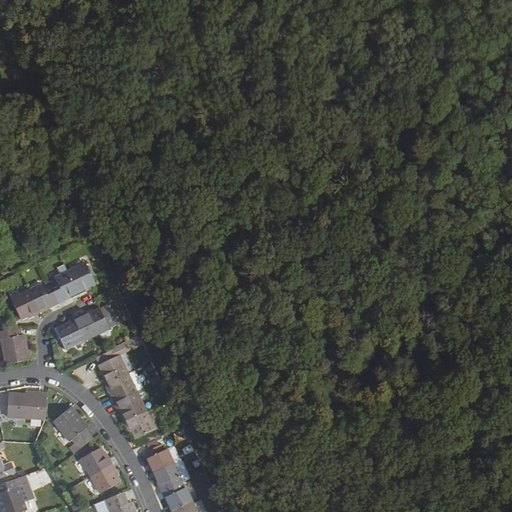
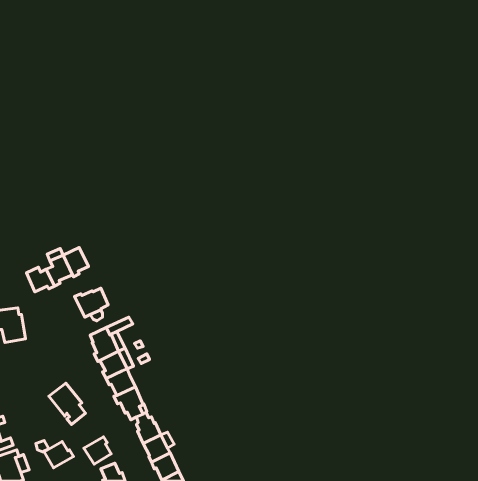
building: [11,290,39,318] -> none
building: [55,315,90,350] -> none
building: [6,392,46,419] -> none
building: [79,448,110,476] -> [44,441,73,468]

